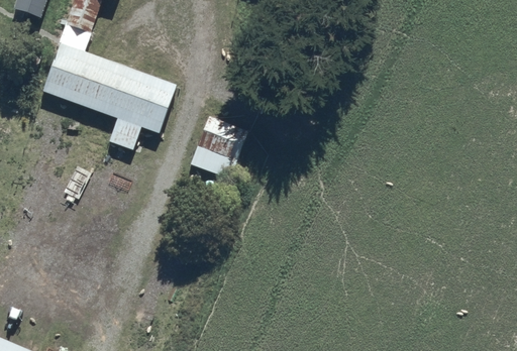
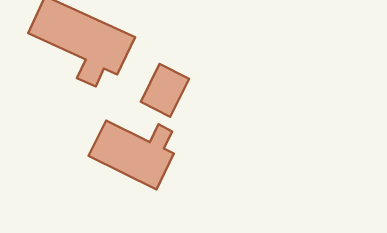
building: none -> [89,120,174,190]

